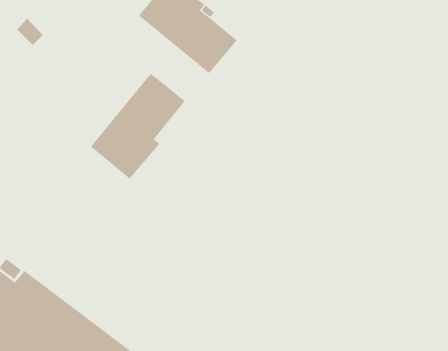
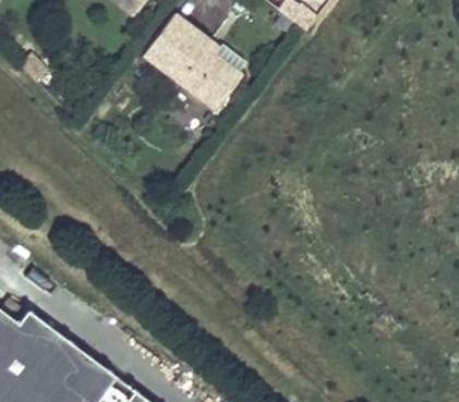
building: [90,73,186,179] -> none

